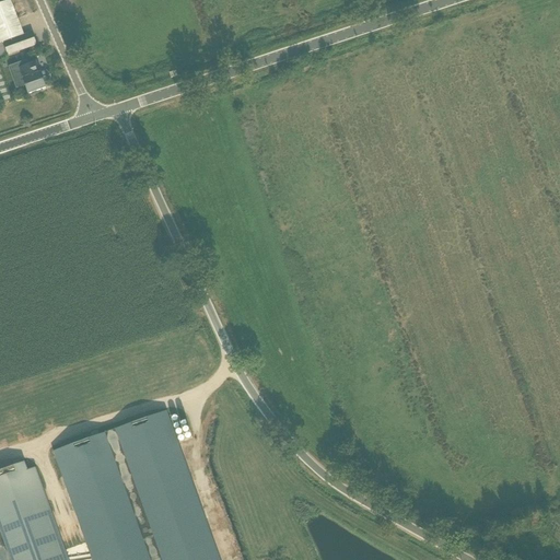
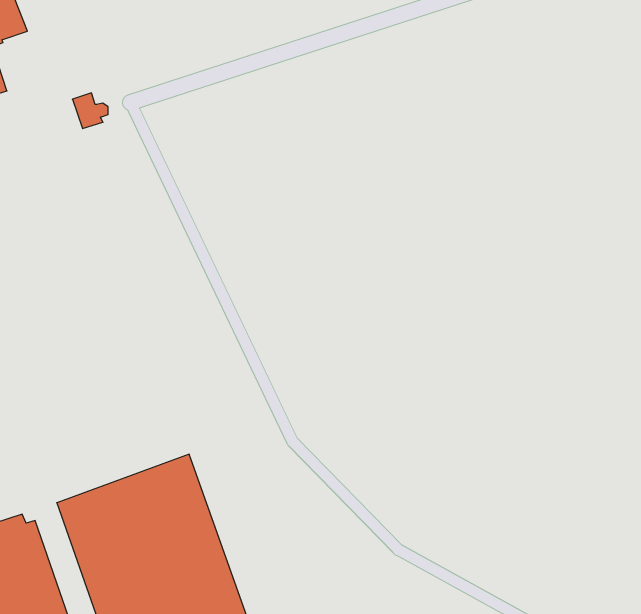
building: [19,63,49,94] -> [72,93,108,129]

